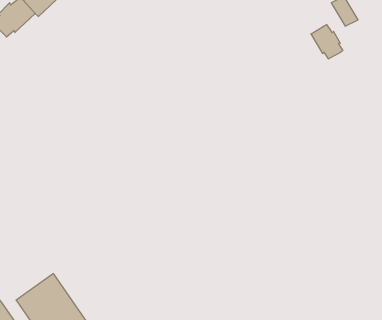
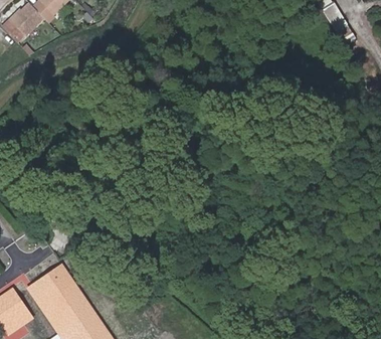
building: [311,25,343,59] -> none

